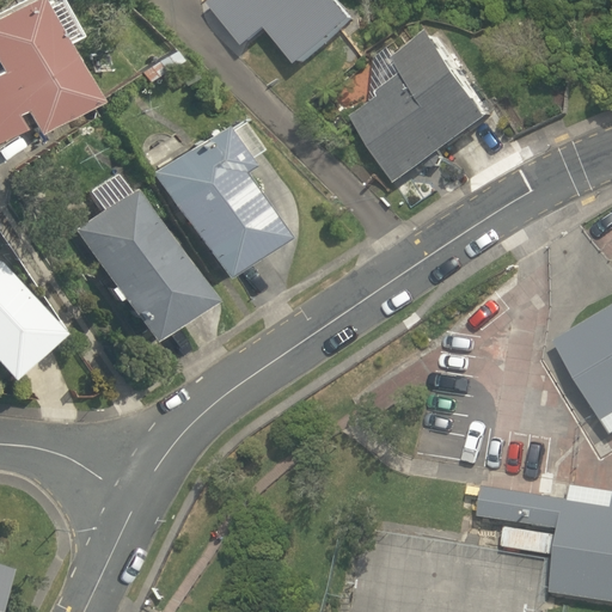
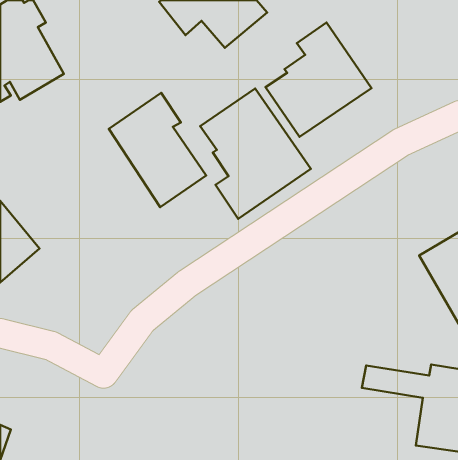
building: none -> [200,89,311,219]
building: [69,172,203,338] -> none

